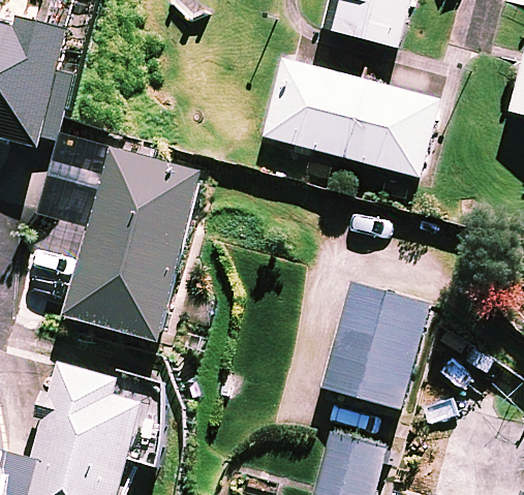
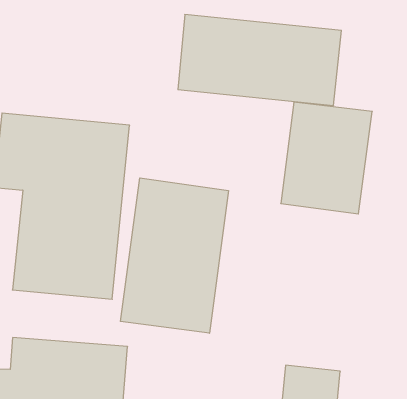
building: none -> [120,178,228,333]
building: [320,284,428,408] -> [281,102,372,214]

